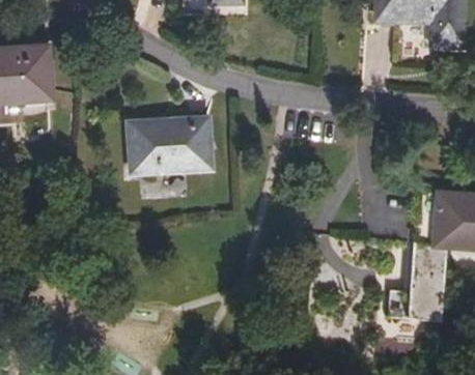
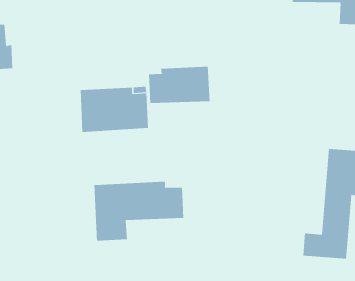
building: none -> [148,66,210,104]
building: none -> [94,181,184,241]

